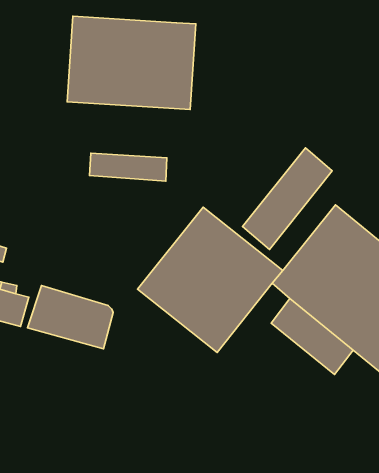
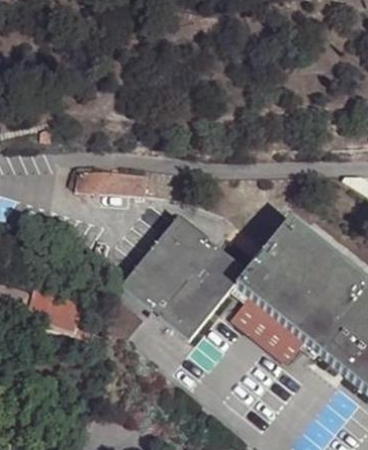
building: [67,16,196,109] -> none
building: [243,148,332,249] -> none

